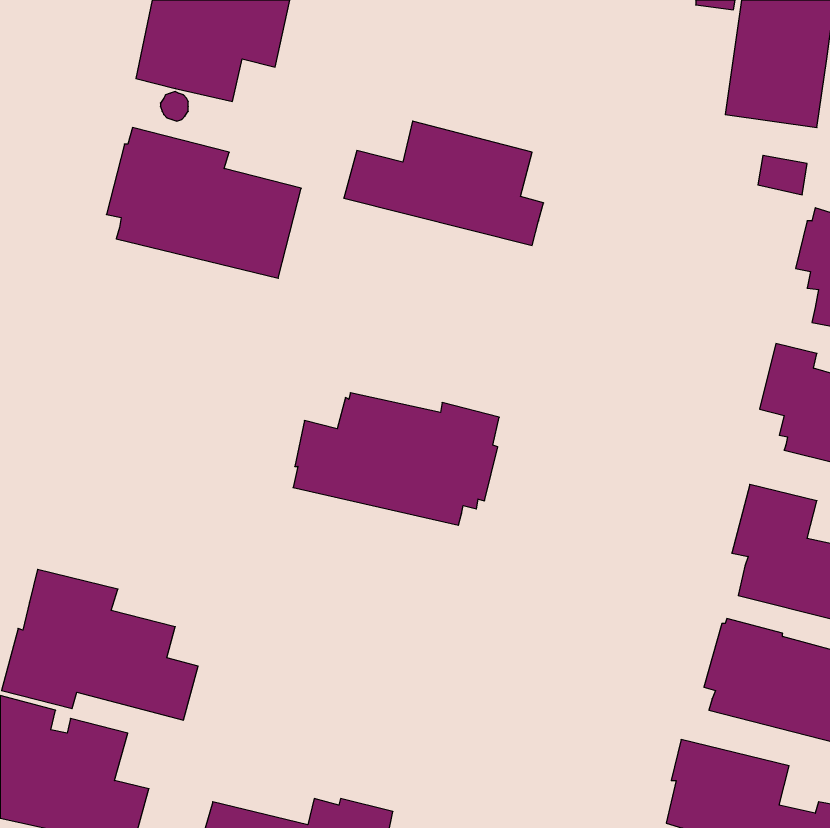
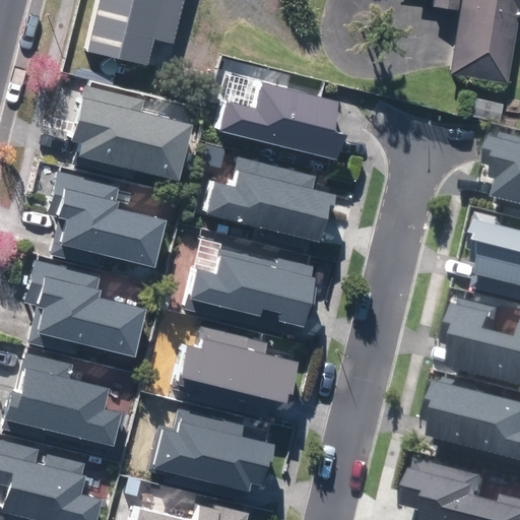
building: none -> [203,154,331,238]
building: none -> [48,168,164,262]
building: none -> [26,258,143,351]
building: none -> [168,324,292,415]
building: none -> [146,404,268,496]

